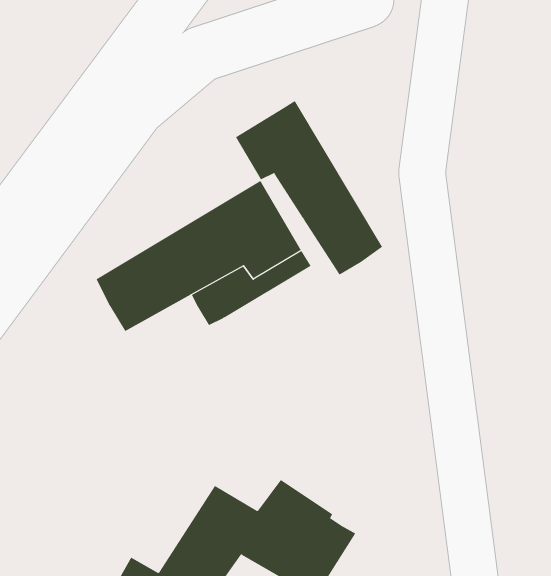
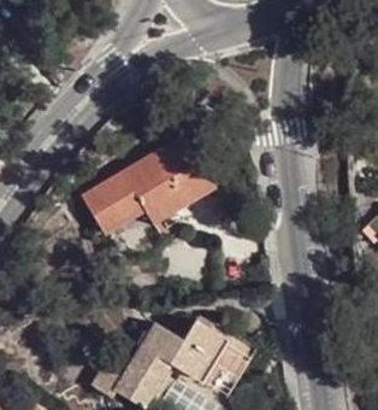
building: [235,100,383,275] -> none

